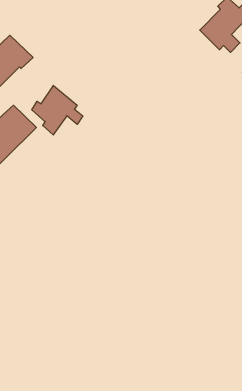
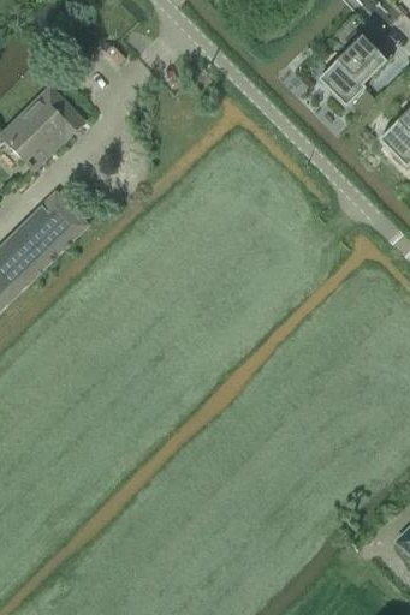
building: [32,85,83,135] -> none

